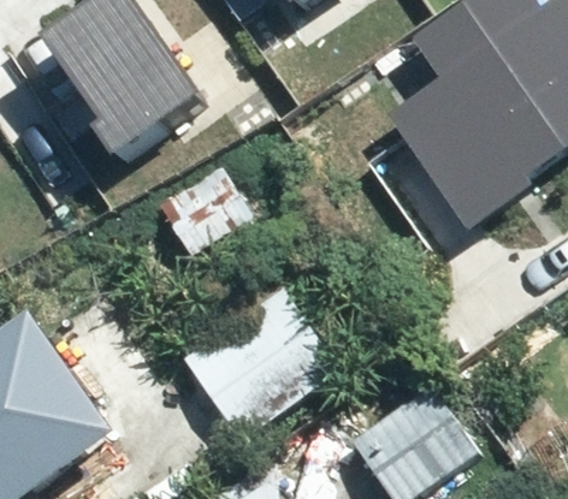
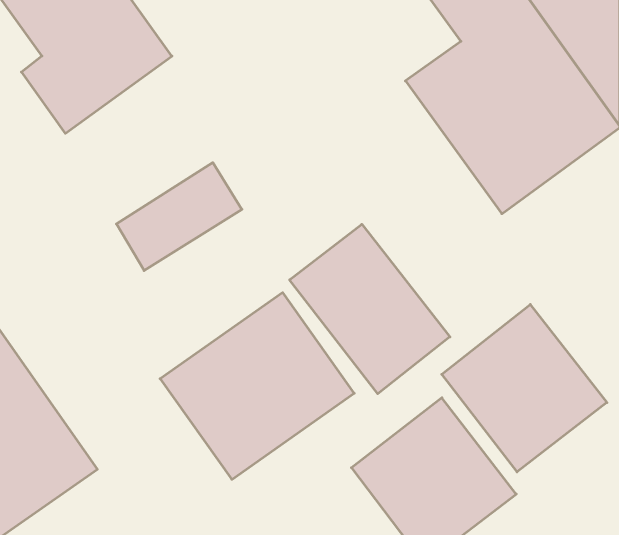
building: none -> [290,224,450,394]
building: none -> [442,304,607,472]

